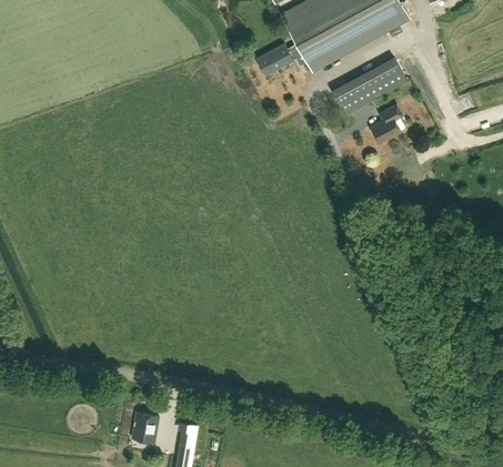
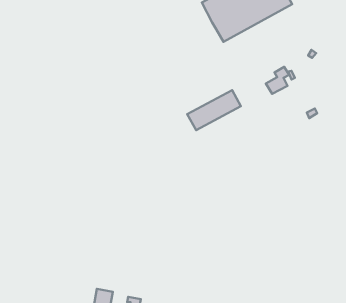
building: [255,43,301,74] -> none
building: [332,59,406,114] -> [187,90,241,130]

